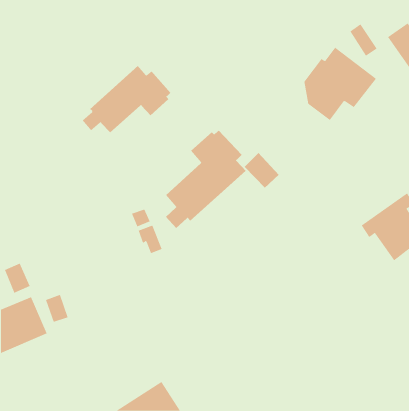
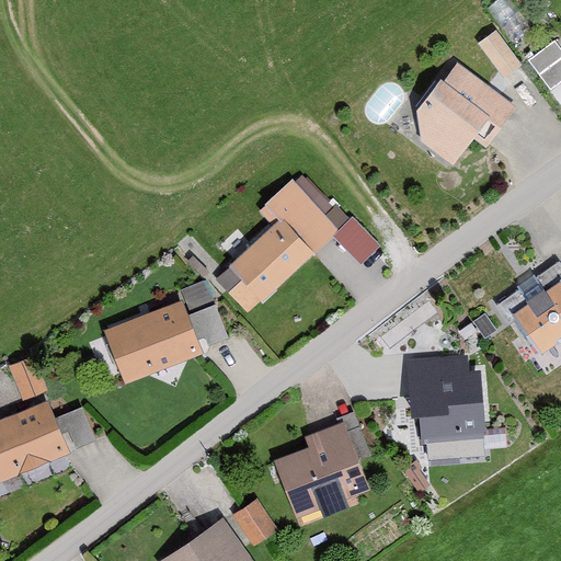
building: [82,65,171,133] -> none
building: none -> [103,299,203,385]
building: none -> [407,356,484,444]
building: none -> [274,422,369,518]
building: none -> [232,500,274,545]

